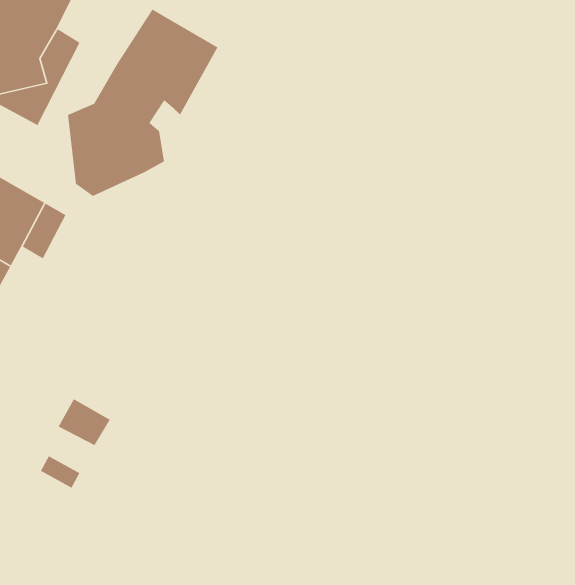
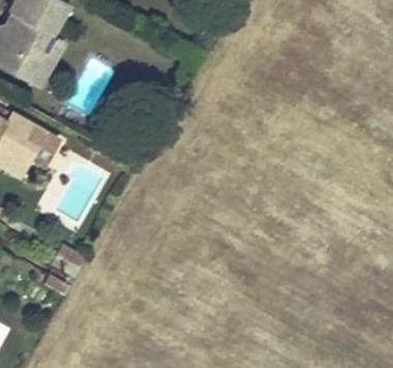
building: [67,9,219,197] -> none

